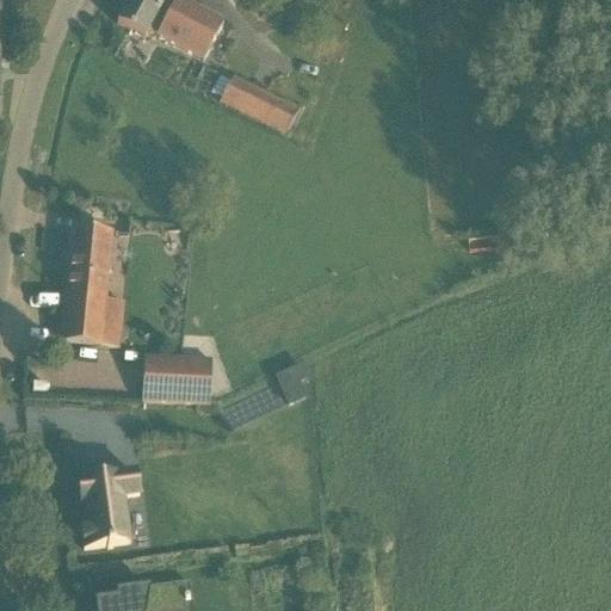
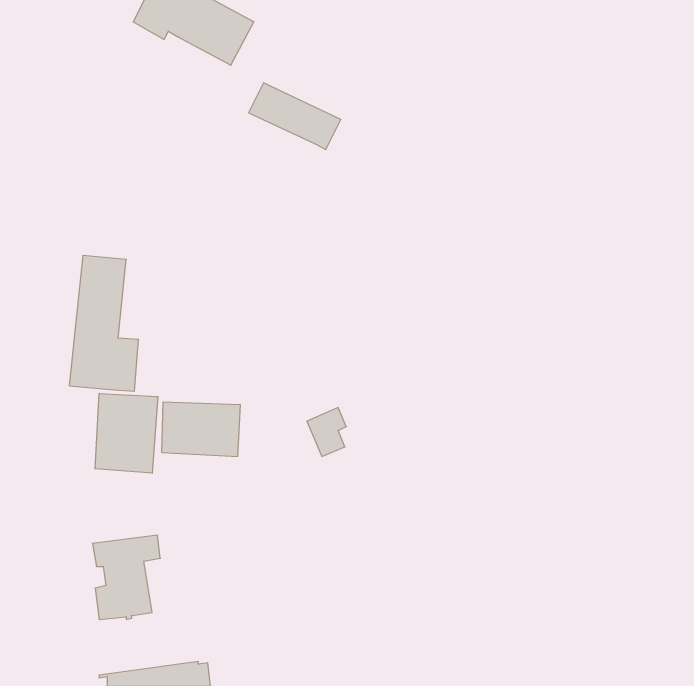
building: none -> [95,393,158,473]

